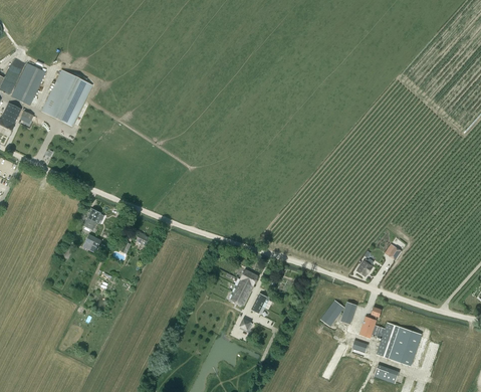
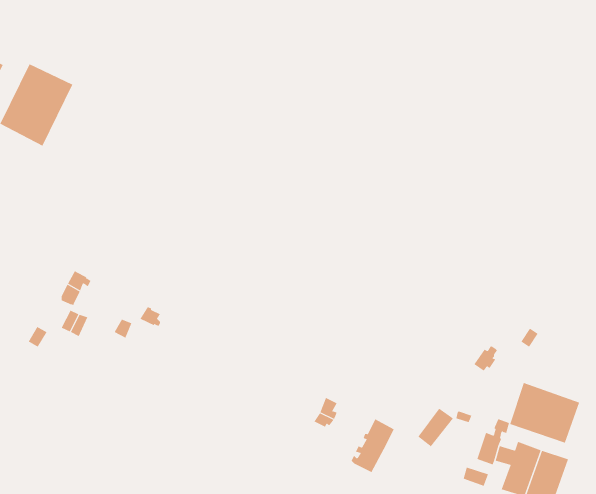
building: [229,268,258,305] -> [351,418,395,473]
building: none -> [509,382,580,444]

